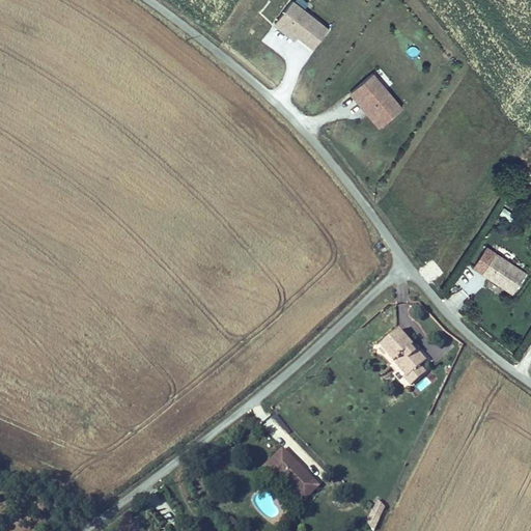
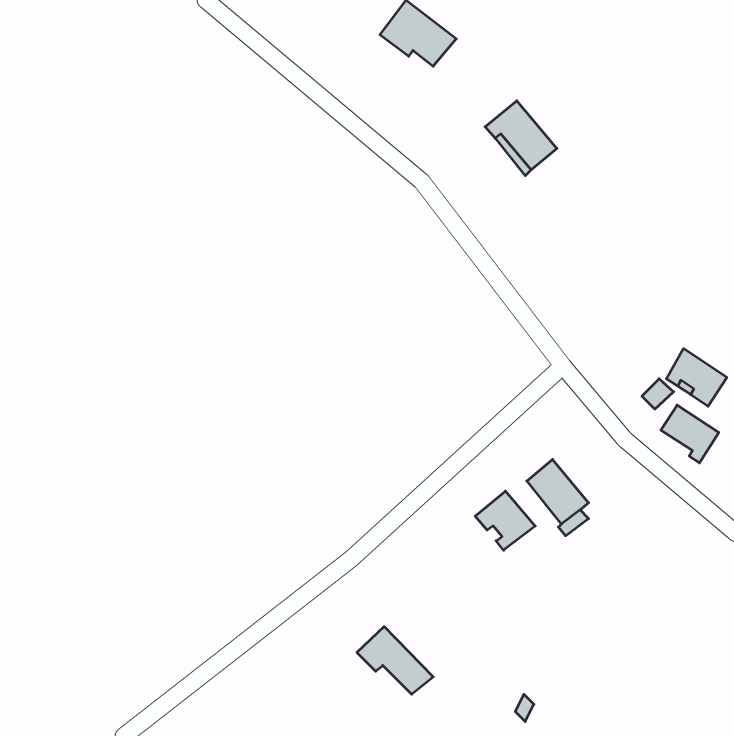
building: none -> [661,405,719,463]
building: none -> [475,491,535,550]

